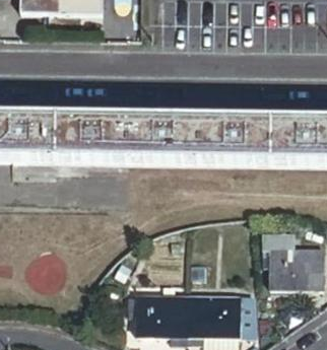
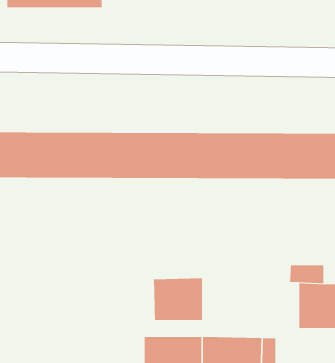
building: none -> [154,278,203,321]

